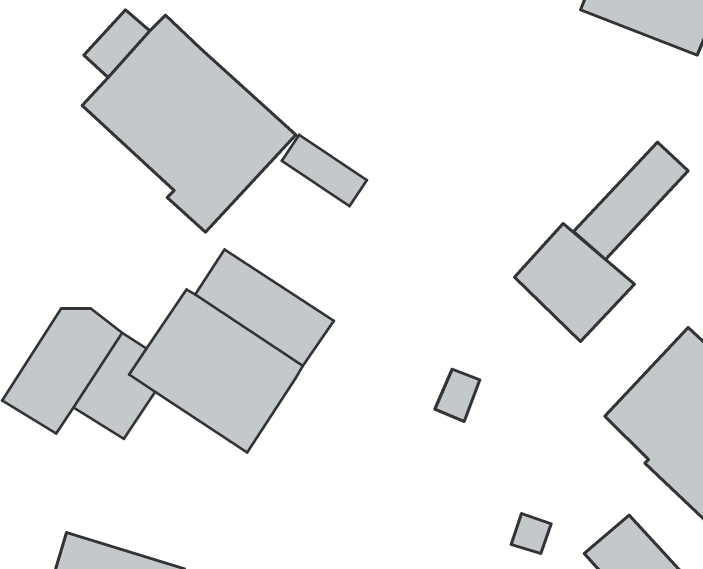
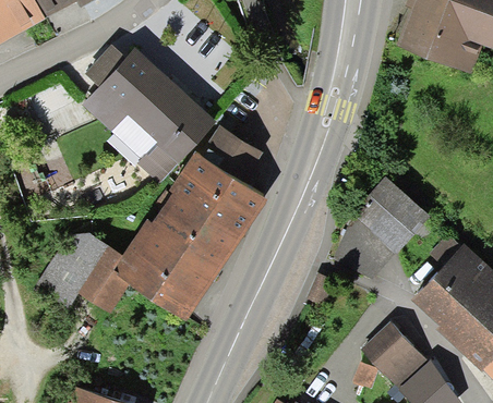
building: [574,142,688,260] -> none
building: none -> [170,154,268,240]
building: none -> [361,320,428,386]

